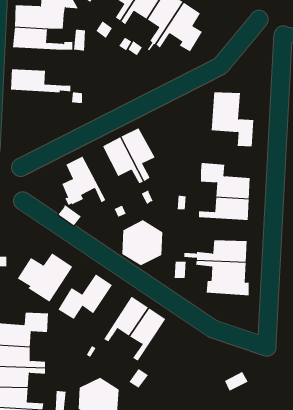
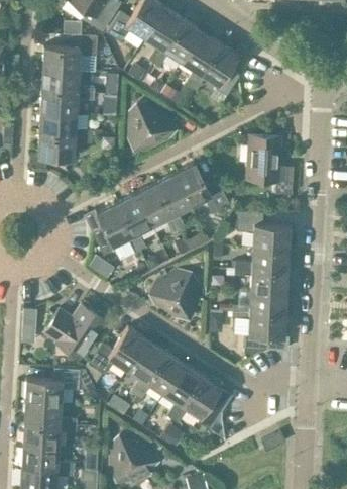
building: none -> [40,91,94,115]
building: none -> [127,103,170,152]
building: none -> [38,135,92,159]
building: none -> [174,164,230,214]
building: none -> [115,194,151,251]
building: none -> [235,269,287,293]
building: none -> [126,339,165,396]
building: none -> [172,375,229,428]

